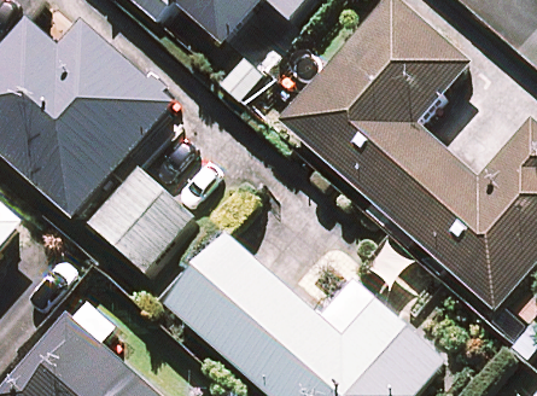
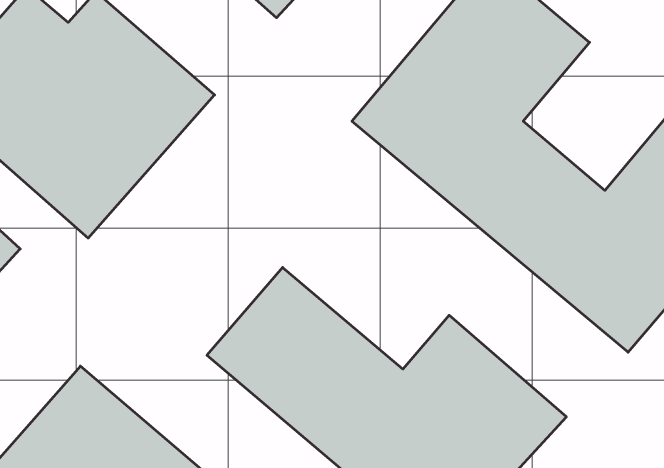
building: [91,167,193,270] -> none

